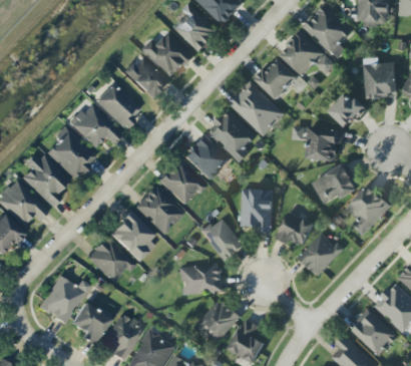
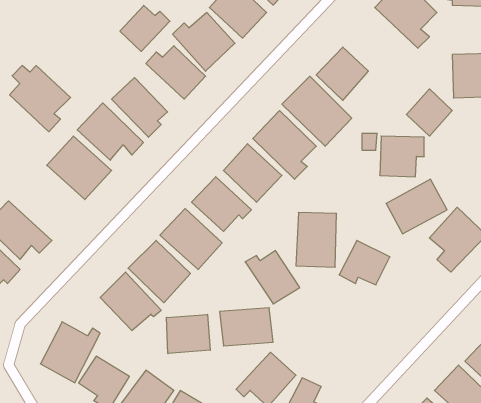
building: none -> [120,5,170,51]
building: [278,31,335,76] -> none
building: [20,154,68,207] -> [10,66,71,132]
building: [297,232,341,277] -> none
building: none -> [166,314,210,354]

